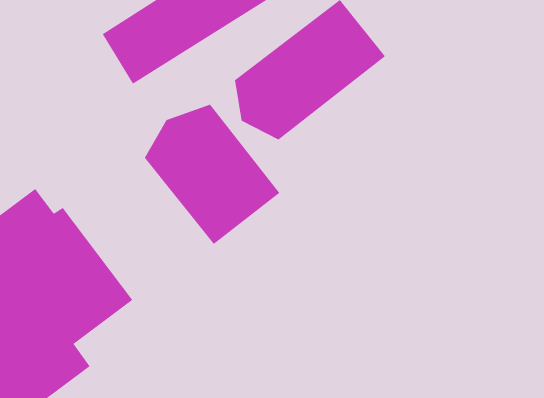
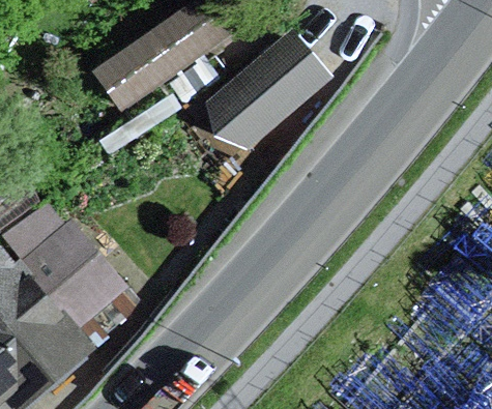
building: [144,104,280,245] -> none

